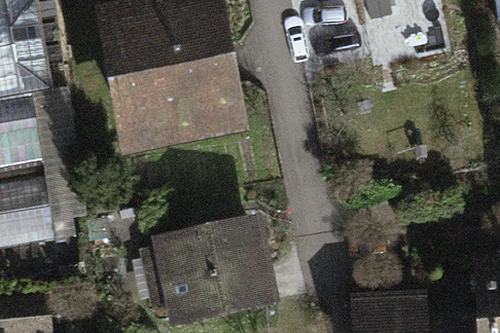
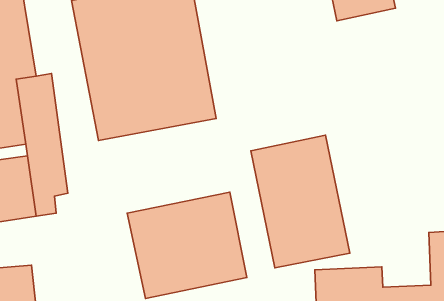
building: none -> [251,135,350,268]

